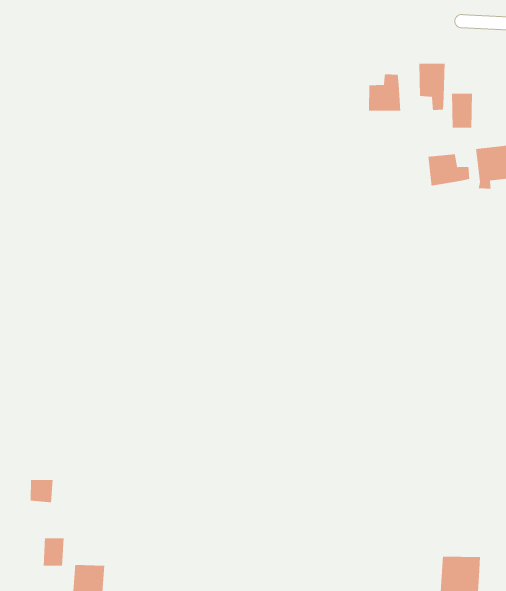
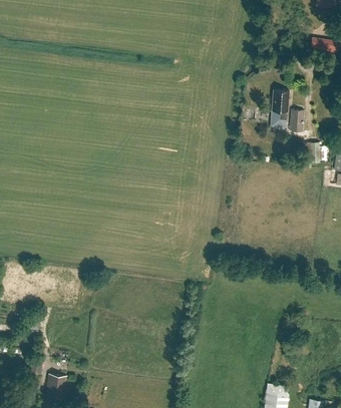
building: [368,74,401,111] -> none
building: [427,153,470,186] -> none

